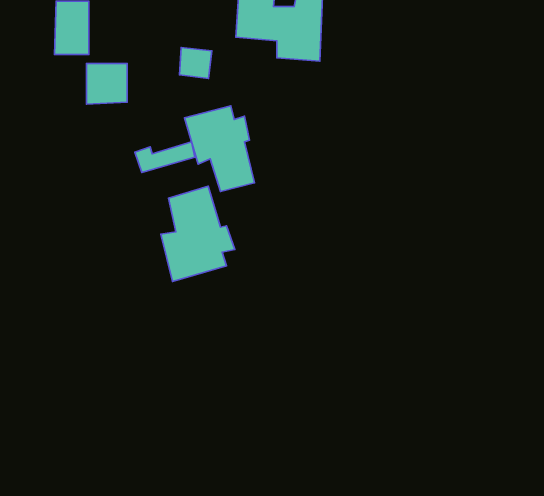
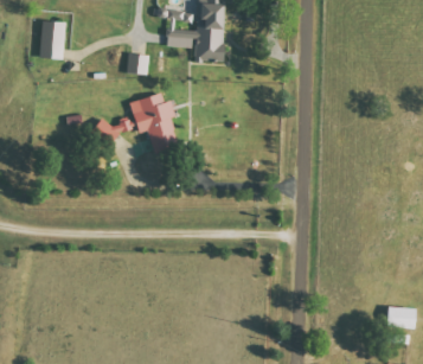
building: [86,64,127,104] -> none
building: [161,186,235,282] -> none

